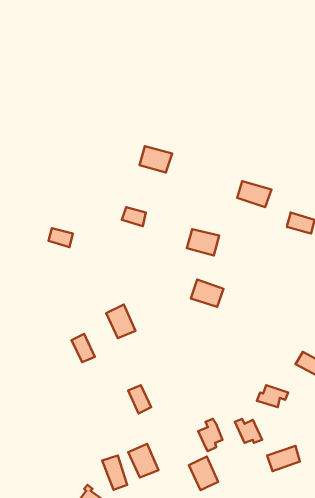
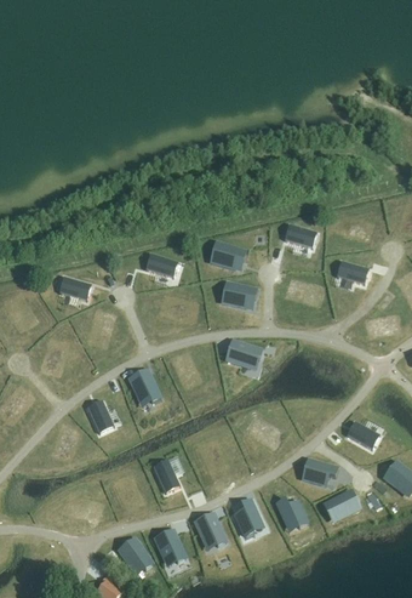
building: [140,146,172,172] -> [210,240,247,270]
building: [267,446,300,471] -> [325,492,362,522]
building: [189,457,218,490] -> [194,512,228,551]

